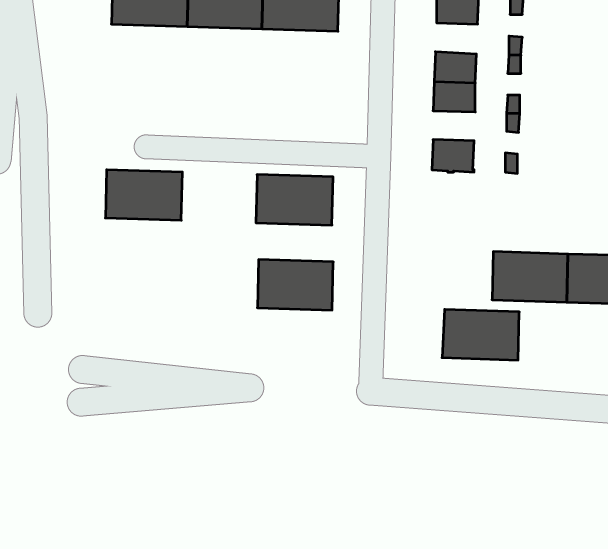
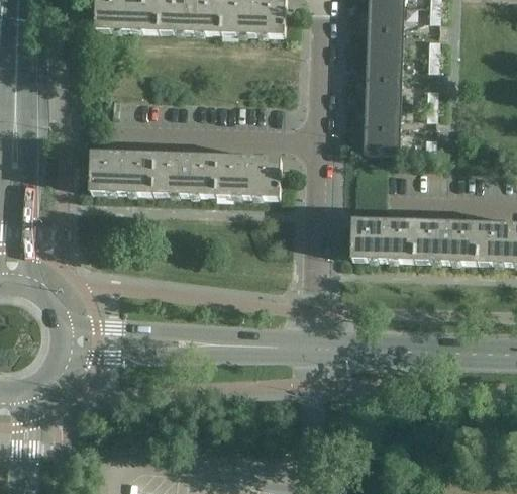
building: none -> [367,26,402,53]
building: none -> [365,100,400,125]
building: [257,260,333,310] -> [153,152,217,194]
building: [442,309,519,360] -> [350,216,415,259]

